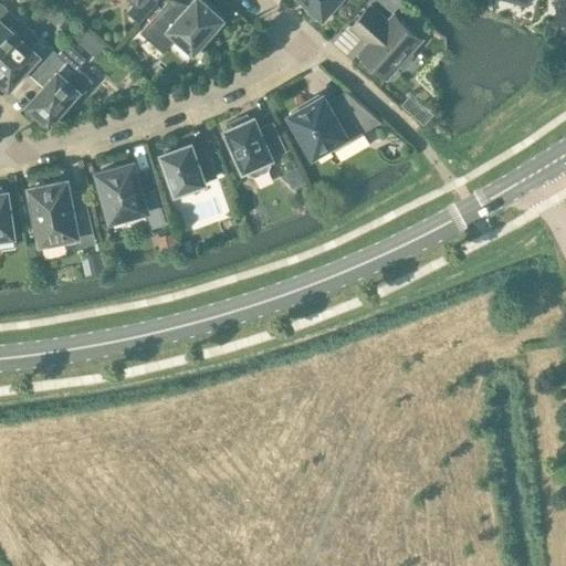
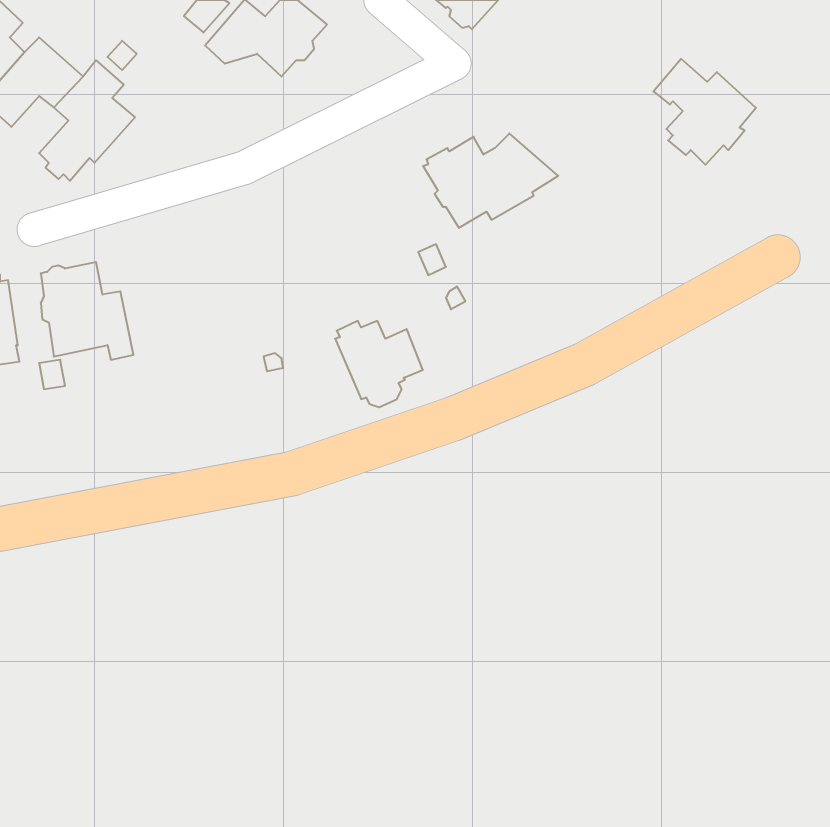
building: [349,8,419,80] -> [653,59,756,165]
building: [223,119,283,178] -> [335,321,423,407]
building: [159,145,214,195] -> none
building: [96,164,163,230] -> none

